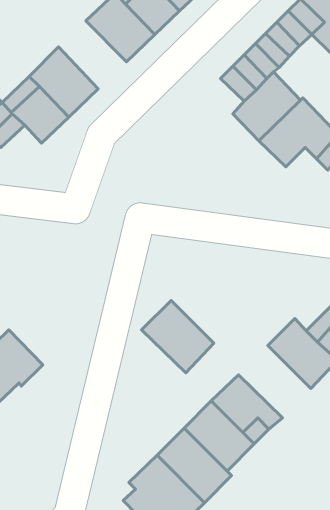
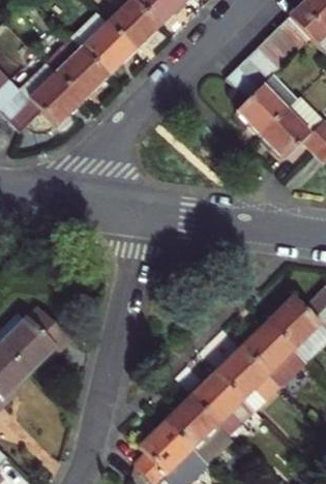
building: none -> [76,24,138,86]
building: [142,300,214,373] -> [240,321,306,387]

